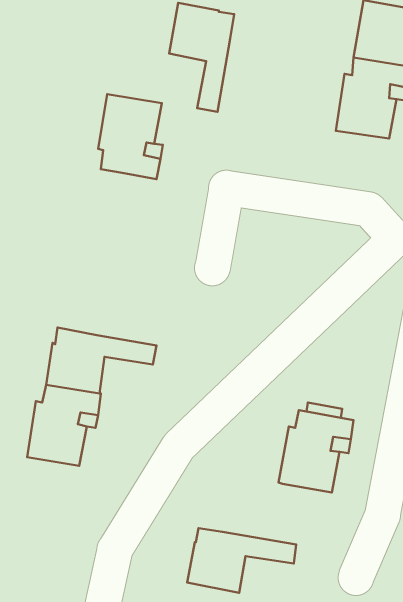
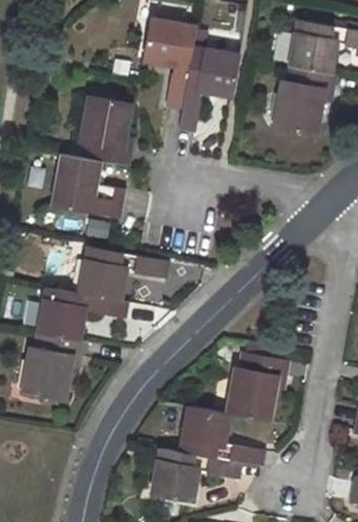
building: none -> [173,51,233,133]
building: none -> [54,153,124,216]
building: none -> [79,247,169,299]
building: none -> [182,405,265,466]

